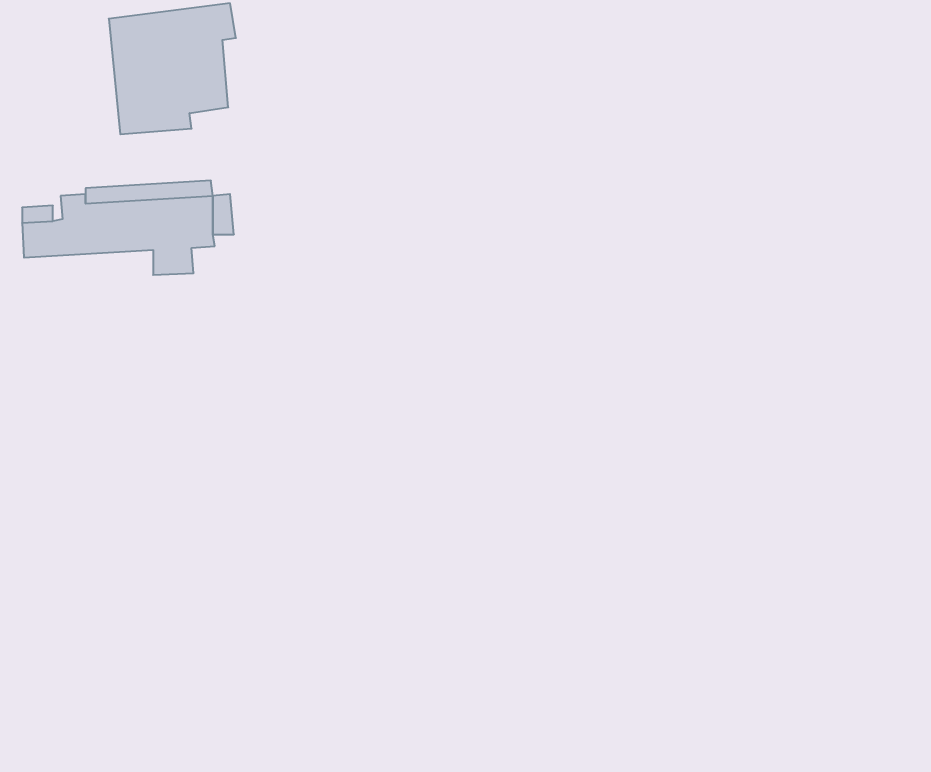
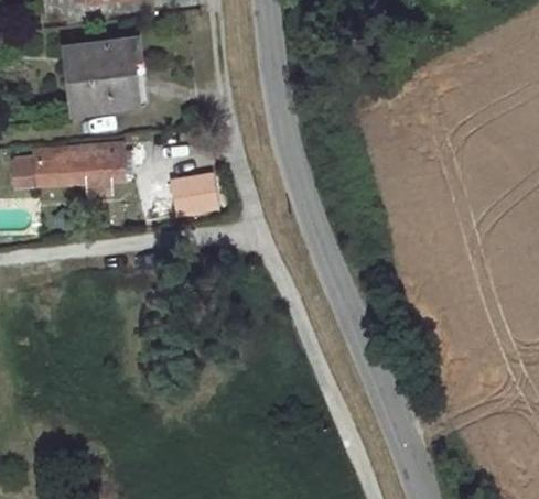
building: none -> [157,175,212,206]

